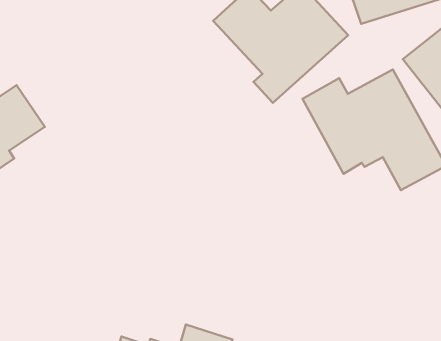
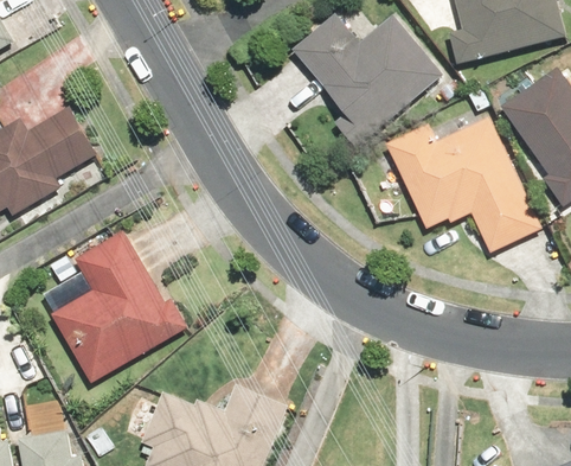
building: none -> [50,230,186,382]

